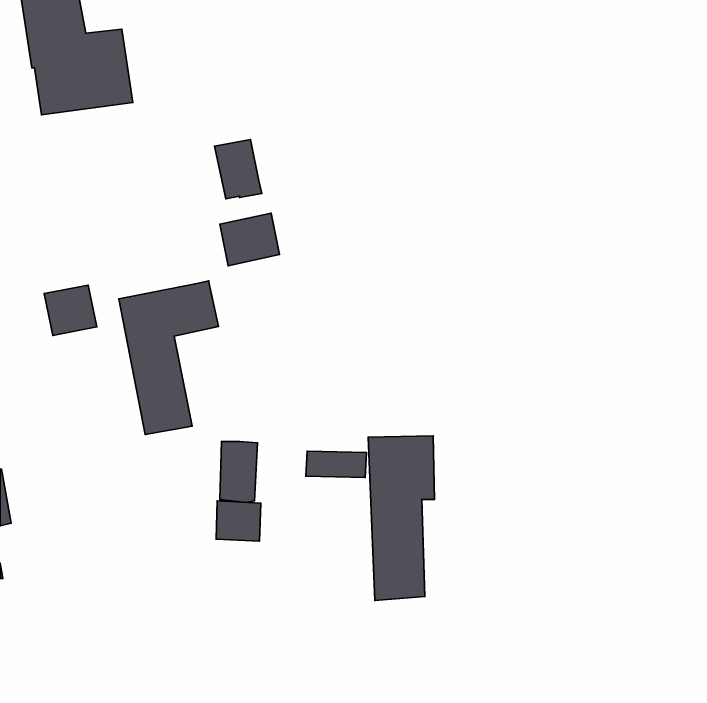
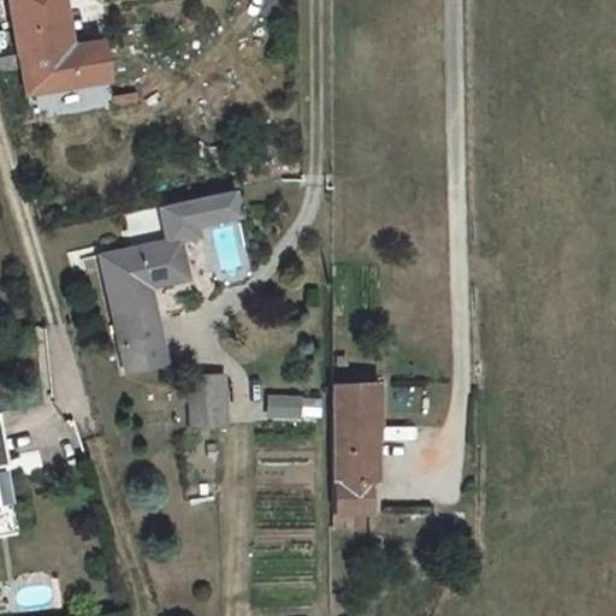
building: [215,139,262,199] -> [160,195,201,247]
building: [44,285,97,335] -> none
building: [216,501,261,541] -> none

